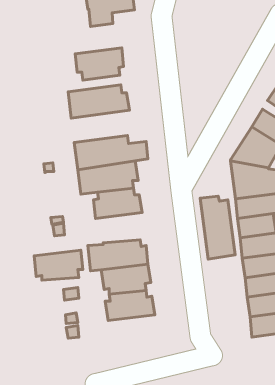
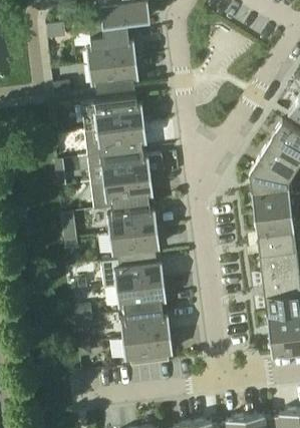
building: none -> [85,18,136,64]
building: none -> [84,122,146,155]
building: [200,196,235,259] -> none
building: [34,250,83,280] -> [109,228,160,259]
building: none -> [122,333,173,366]

